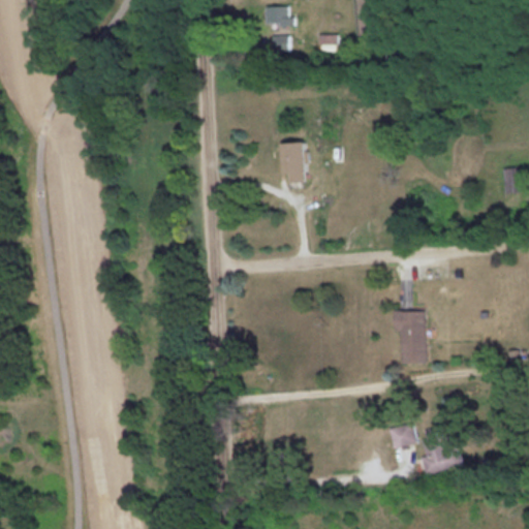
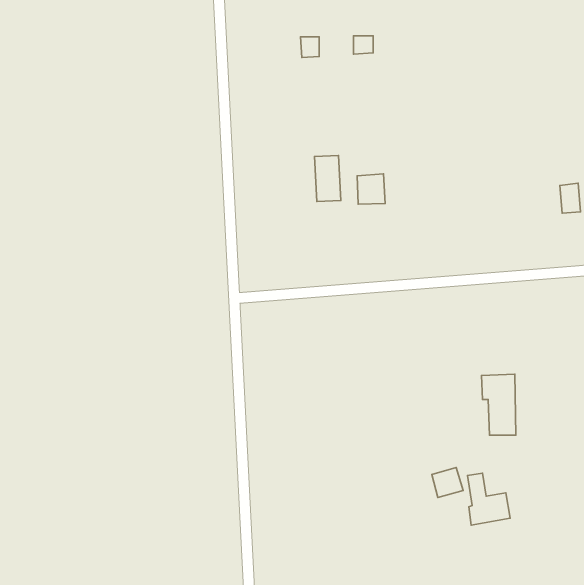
building: [263,7,292,26] -> none
building: none -> [357,174,385,204]
building: [395,309,426,364] -> [481,374,516,435]

